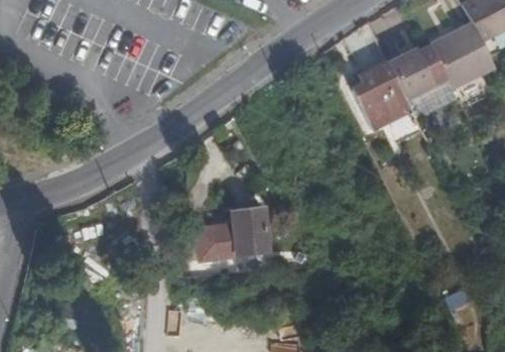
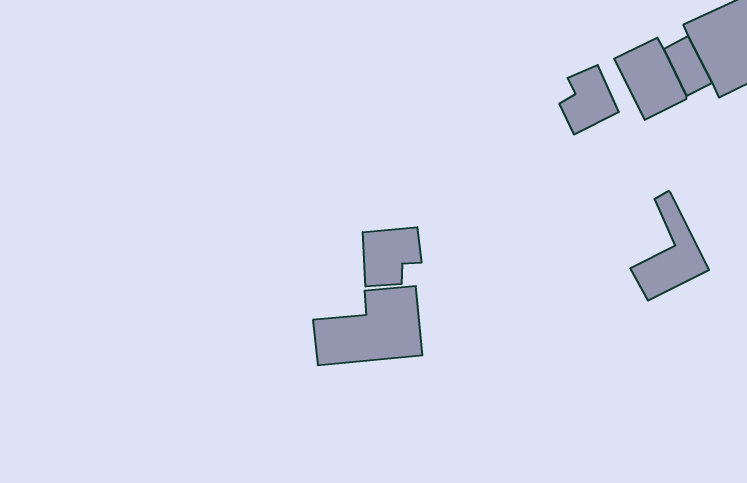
building: [363,62,412,130] -> [630,191,709,301]
building: none -> [363,227,421,287]

